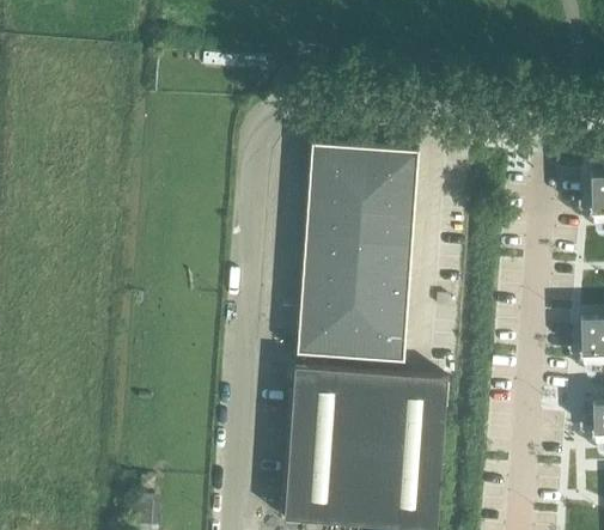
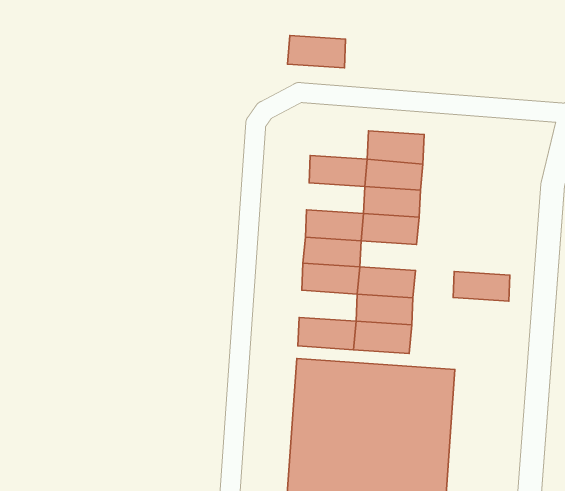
building: [309,144,365,175] -> [287,36,346,68]
building: [305,197,361,227] -> none
building: [356,254,411,282] -> [453,271,510,301]
building: [298,301,354,331] -> none

